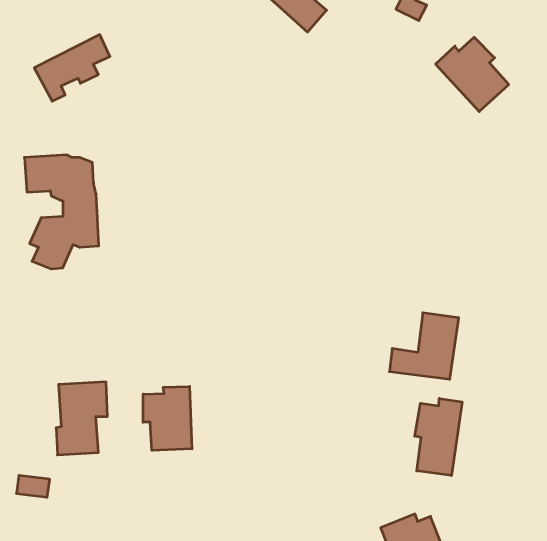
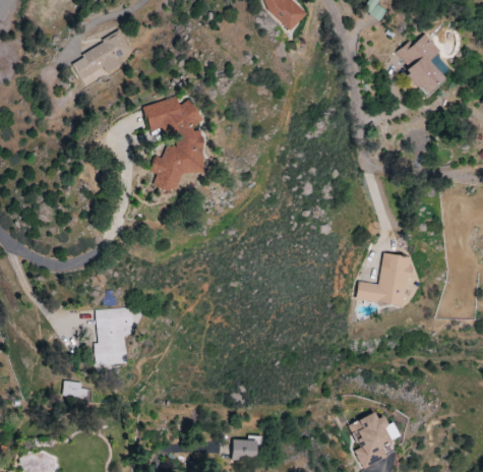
building: [24,155,99,269] -> [157,98,216,188]
building: [143,386,192,450] -> none
building: [415,398,462,476] -> none

